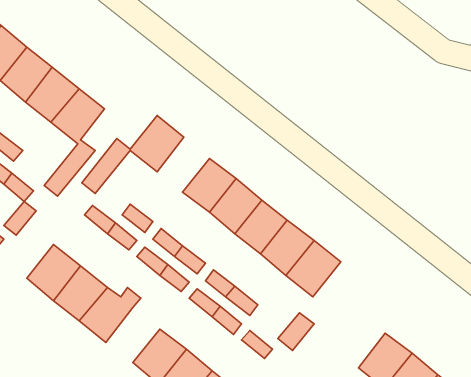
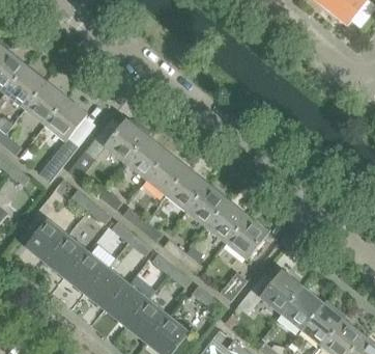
building: none -> [126,135,167,178]
building: none -> [87,267,128,309]
building: none -> [237,270,302,314]

